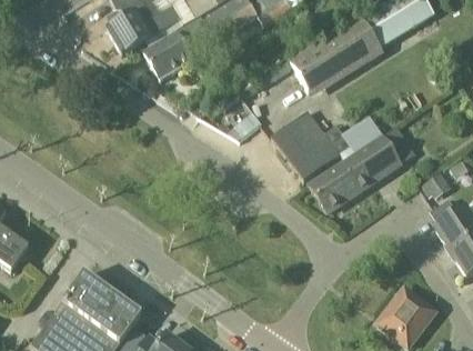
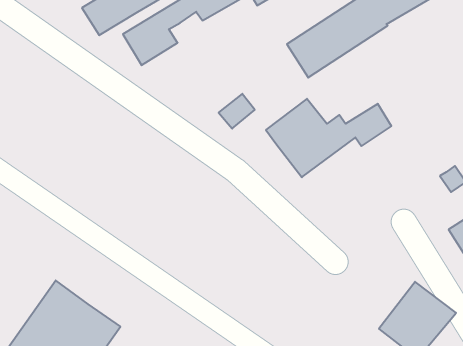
building: [309,128,413,212] -> none

